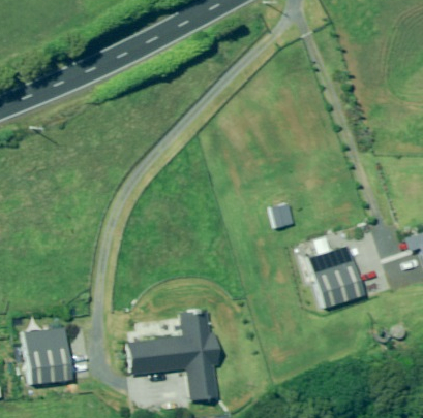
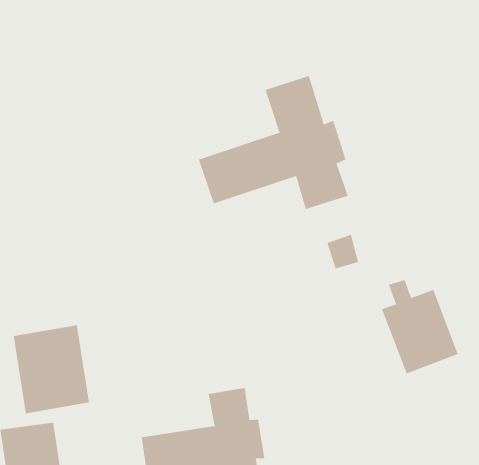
building: none -> [198,75,348,210]
building: none -> [13,324,89,414]

